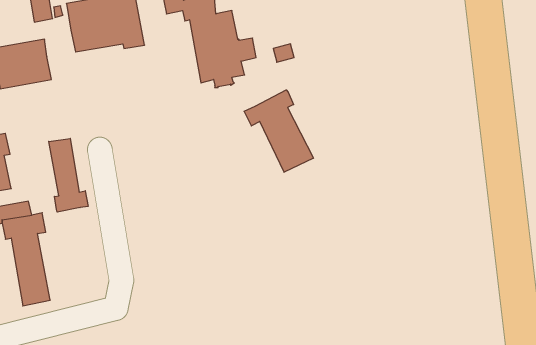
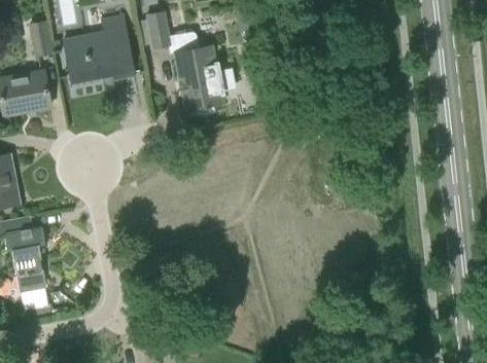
building: [244,90,313,172] -> none
building: [49,138,88,212] -> none

